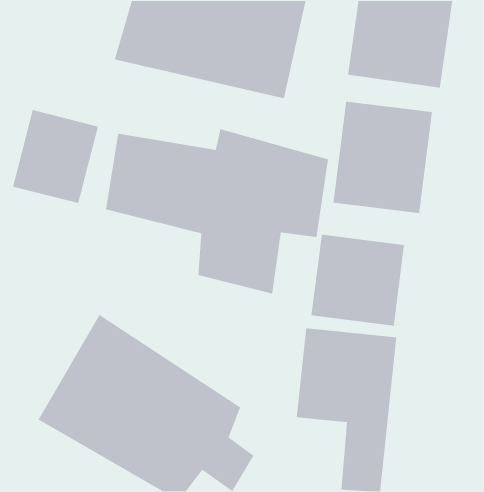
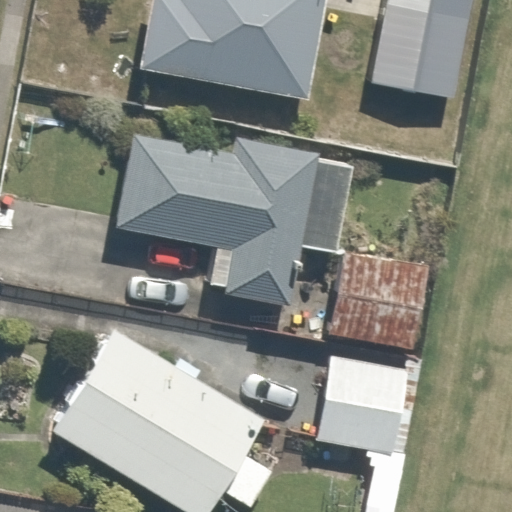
building: [333,101,433,214] -> none
building: [12,109,99,204] -> none

